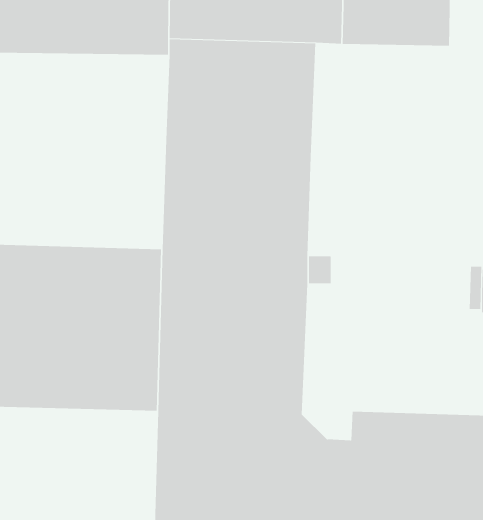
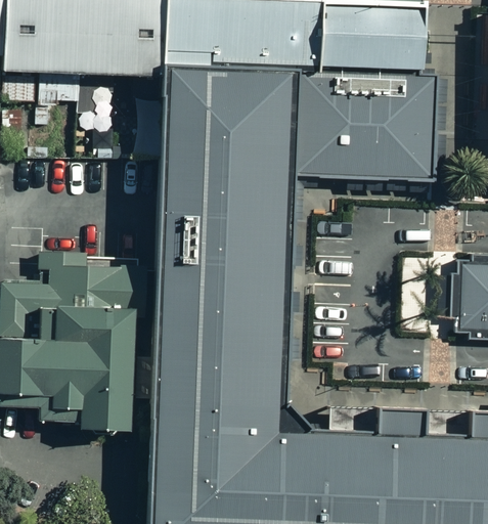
building: none -> [295,74,436,181]

